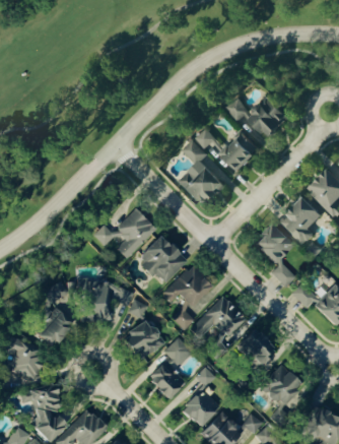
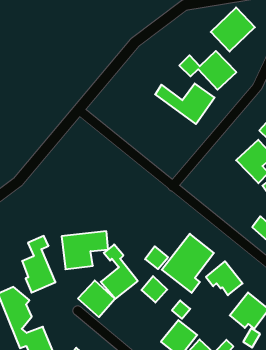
building: none -> [211,7,255,52]
building: [180,140,225,207] -> none
building: [93,208,156,258] -> none
building: [255,225,296,288] -> none
building: [140,236,187,283] -> none
building: [161,265,213,307] -> none
building: [147,360,188,400] -> [78,280,115,317]

